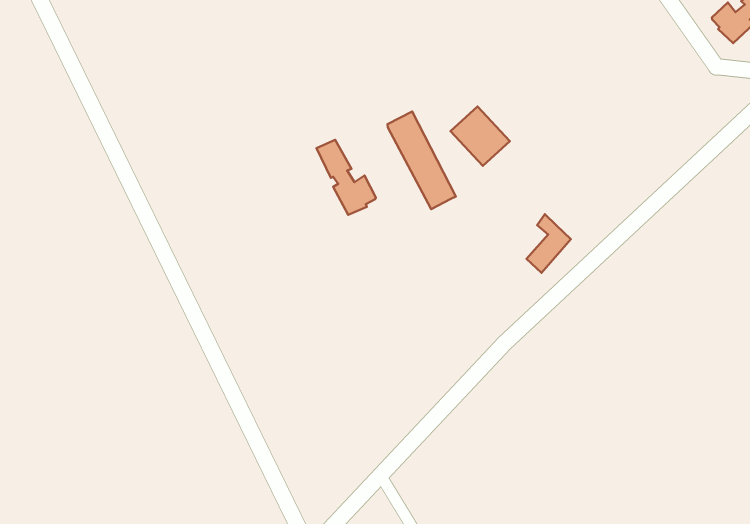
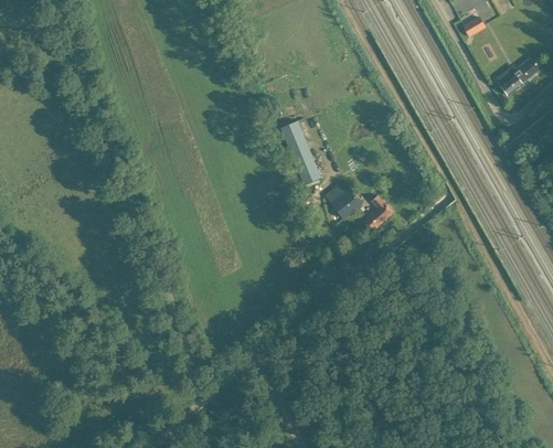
building: [451,106,510,166] -> [325,181,362,220]
building: [316,140,376,215] -> none

